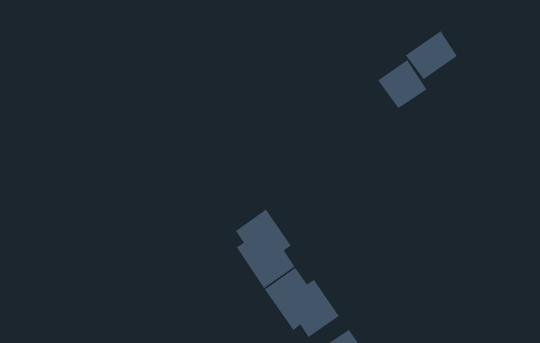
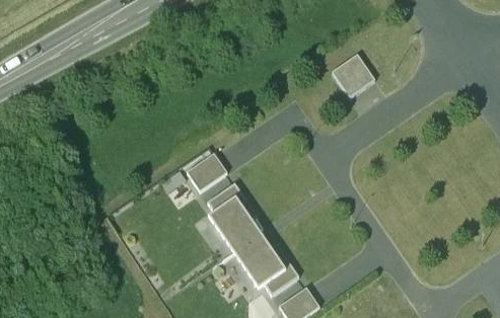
building: [405,30,458,80] -> none
building: none -> [186,153,226,191]

